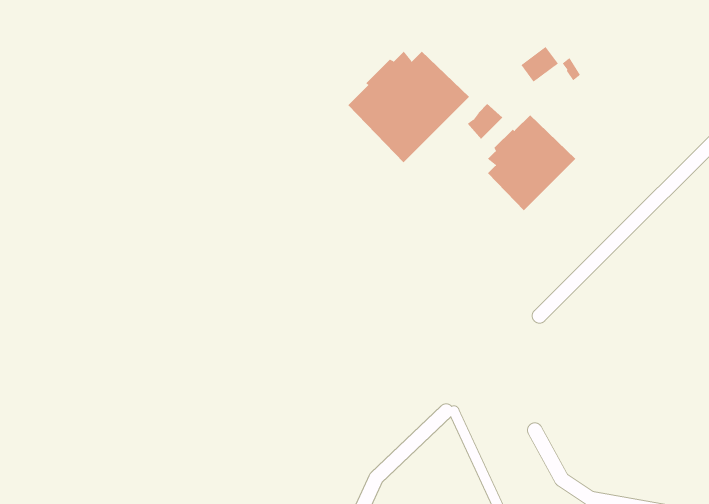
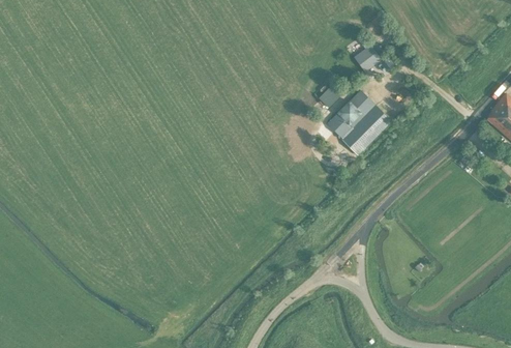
building: [348,51,470,163] -> none

